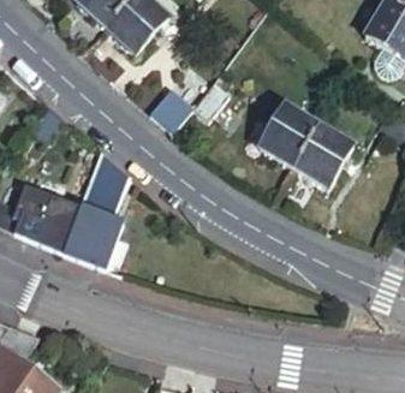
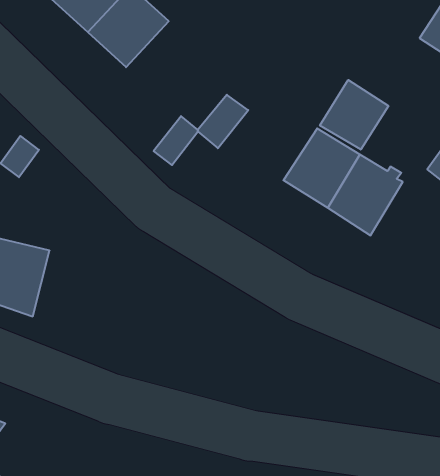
building: none -> [320,80,388,150]
building: [61,141,123,264] -> none

